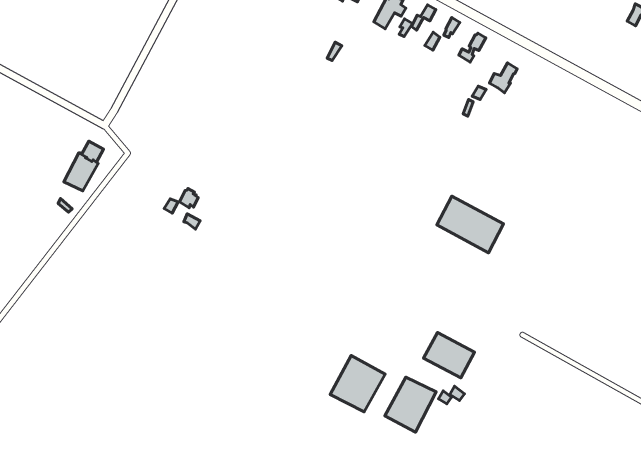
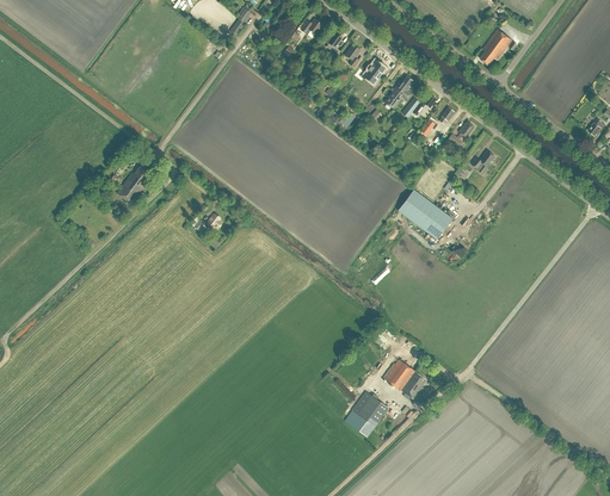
building: [437,196,504,253] -> [398,188,451,238]
building: [330,355,385,412] -> none

